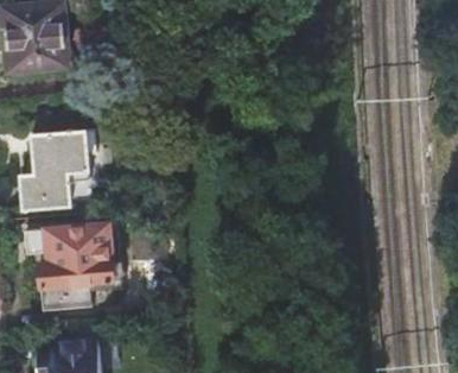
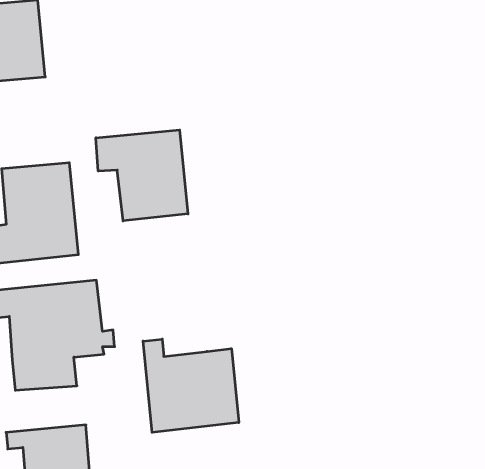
building: none -> [96,130,188,221]
building: none -> [143,339,239,432]

